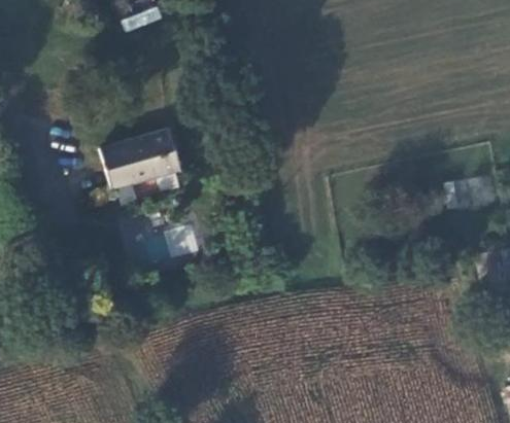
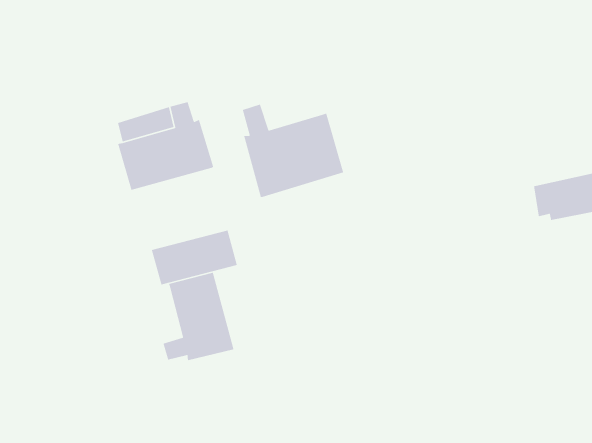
building: none -> [242,103,344,198]
building: none -> [163,272,234,361]

